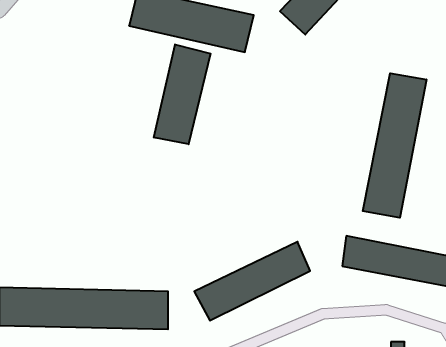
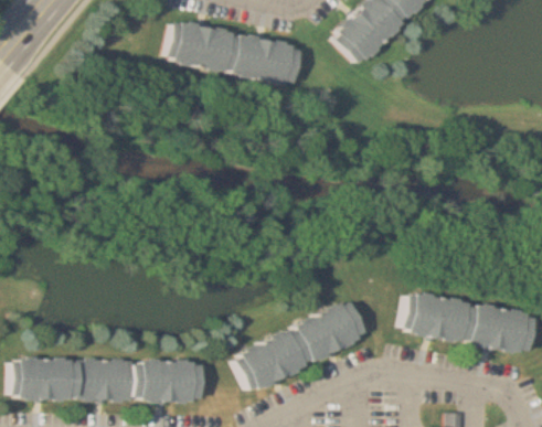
building: [154,44,211,144] -> none
building: [363,73,426,218] -> none

